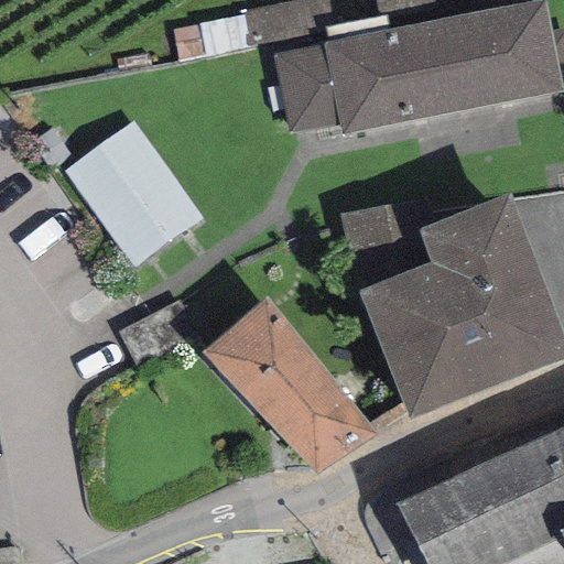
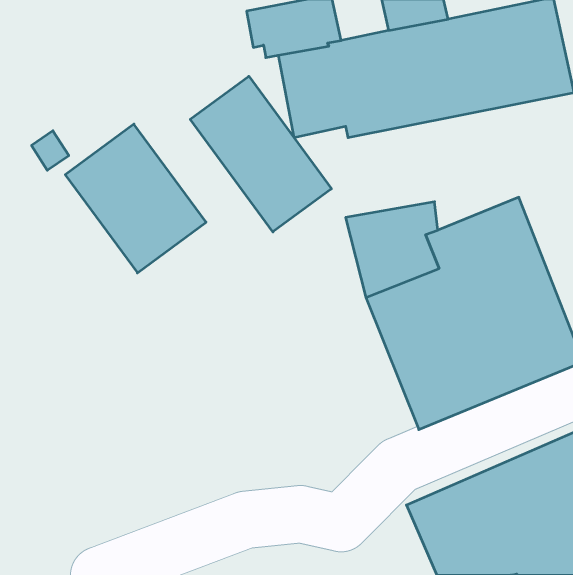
building: none -> [190,76,331,232]
building: [203,297,379,475] -> none

